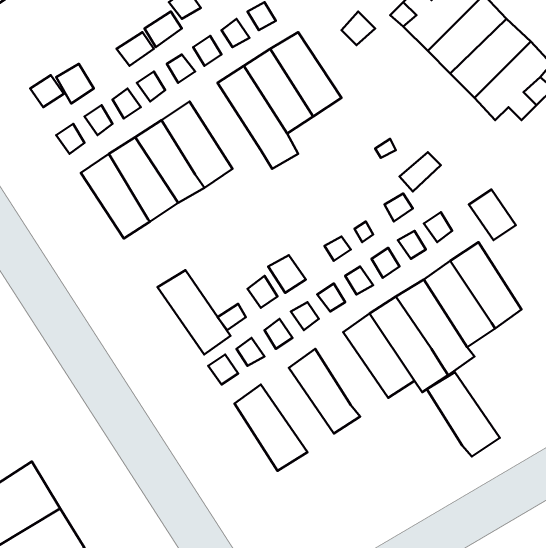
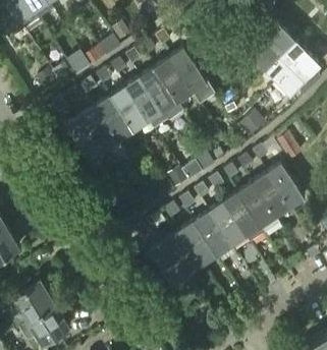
building: none -> [124,74,163,121]
building: [157,270,231,355] -> [163,229,203,275]
building: [427,372,500,457] -> [193,210,232,255]

